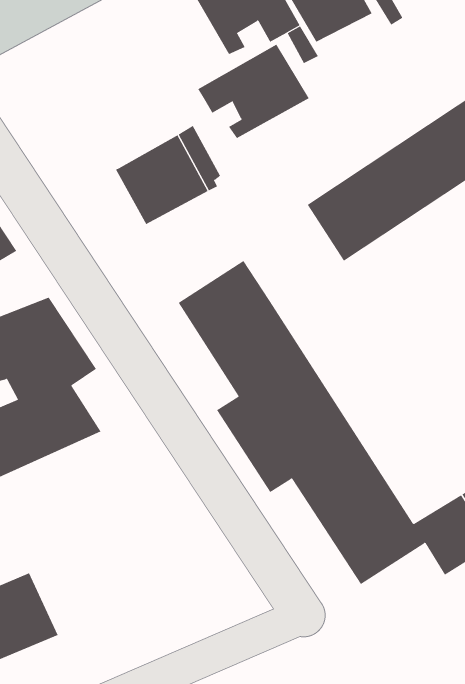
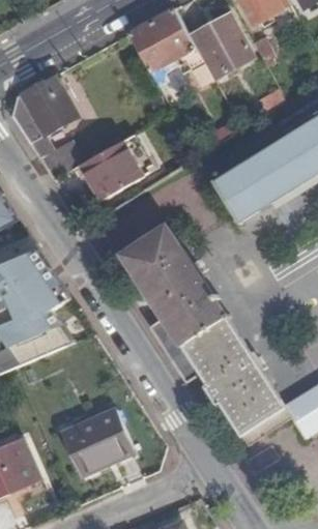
building: none -> [11,74,82,178]
building: [198,44,310,139] -> none
building: none -> [59,409,132,474]

